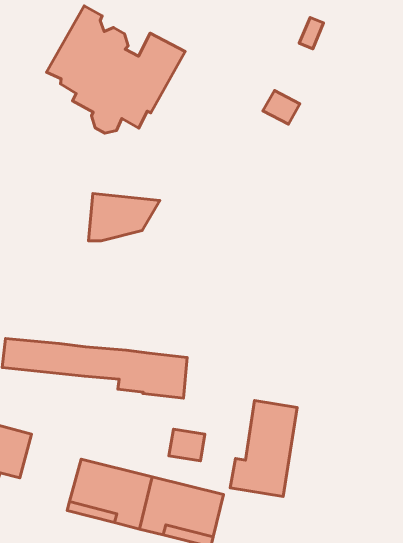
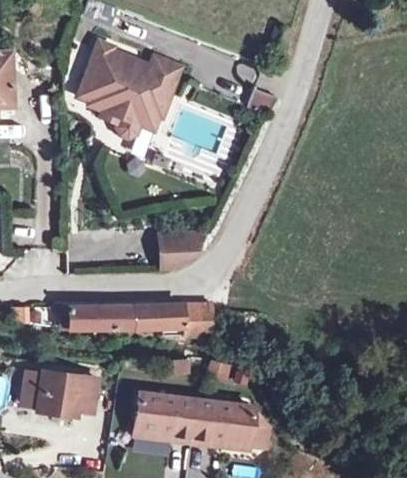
building: [88,194,160,241] -> [161,232,214,270]
building: [230,401,297,496] -> none

